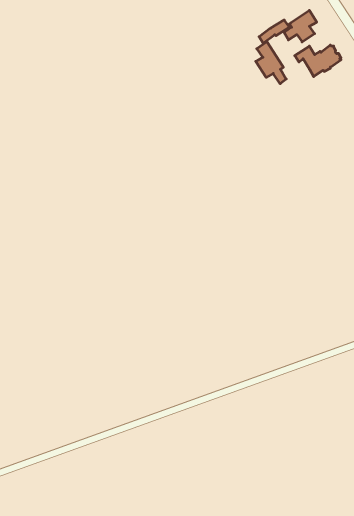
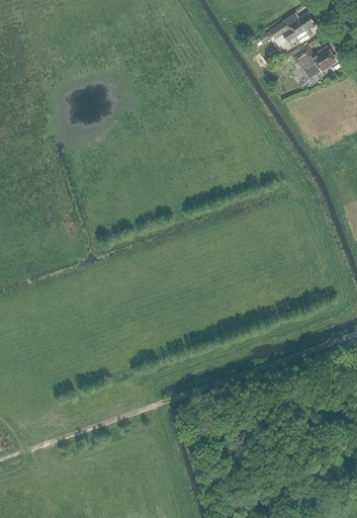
building: [256,42,286,84] -> none

